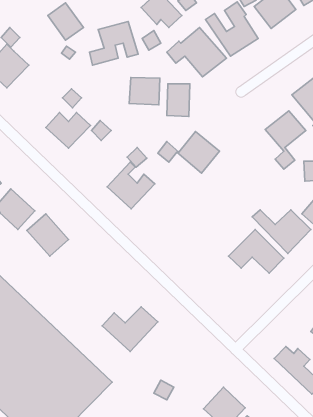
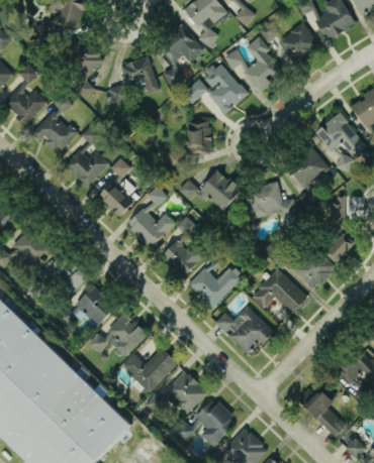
building: none -> [29,95,77,152]
building: [129,77,160,105] -> none
building: none -> [247,182,298,219]
building: none -> [99,187,133,216]
building: none -> [161,216,206,278]
building: none -> [189,265,242,307]
building: none -> [62,286,115,328]
building: none -> [215,306,273,355]
building: none -> [89,312,149,356]
building: none -> [147,370,207,415]
building: none -> [196,398,238,446]

